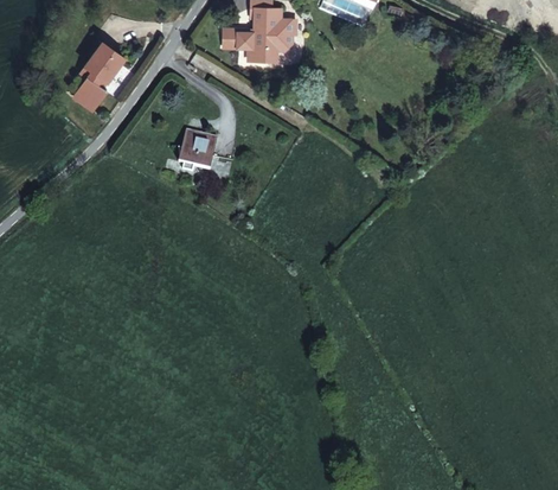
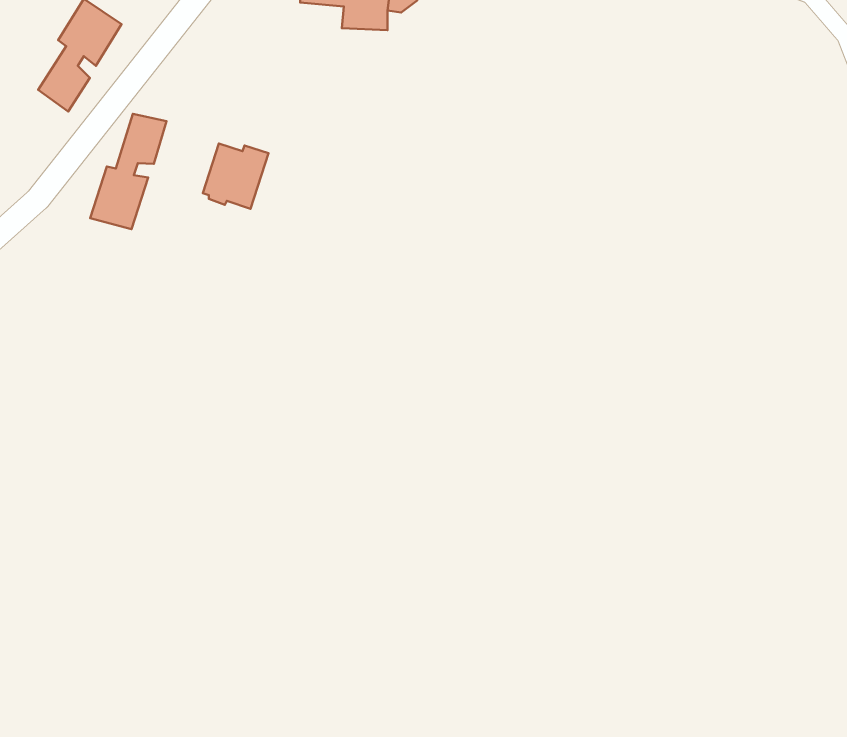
building: none -> [90,114,167,229]

